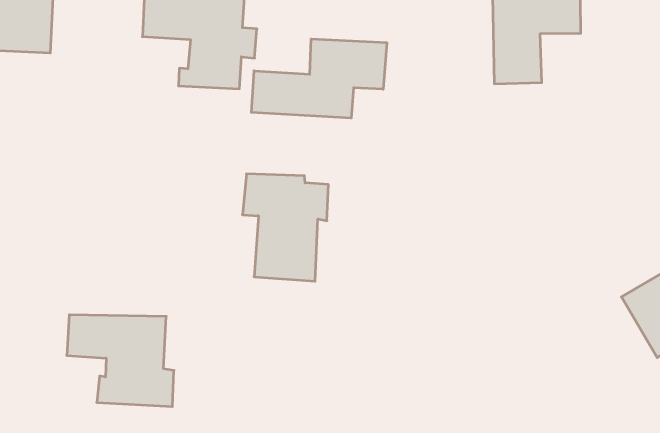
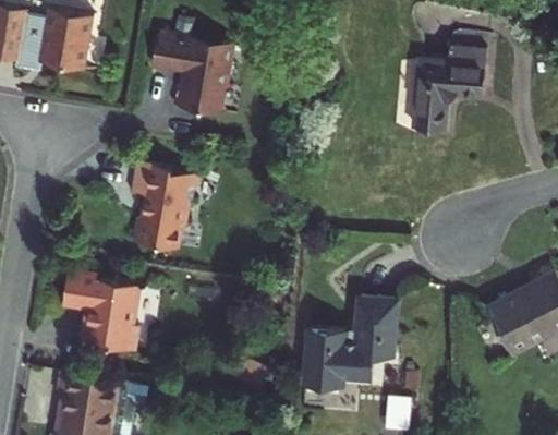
building: [251,39,387,118] -> none
building: [242,174,328,281] -> [132,162,199,250]
building: none -> [304,293,389,384]

